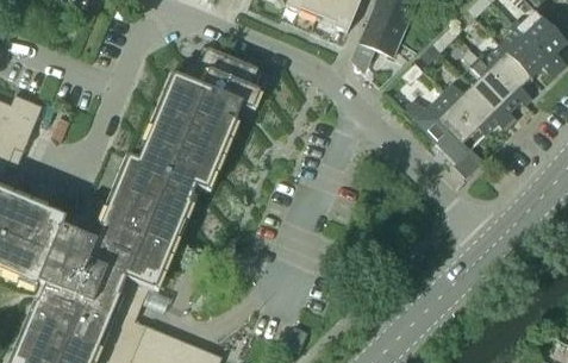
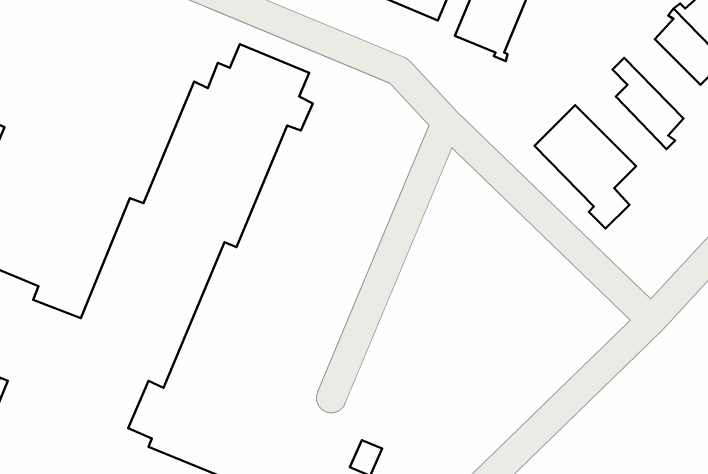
building: [478,44,531,105] -> none
building: [443,82,507,133] -> none

